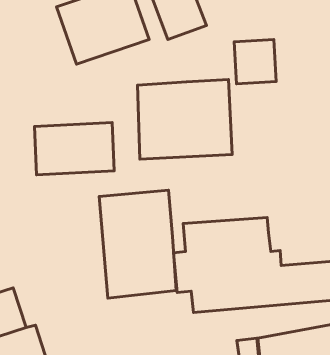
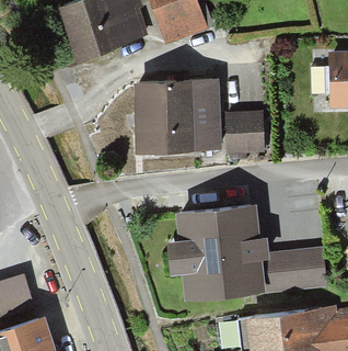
building: [234,39,276,84] -> [225,109,265,150]
building: [35,122,114,175] -> none
building: [99,190,176,298] -> none

